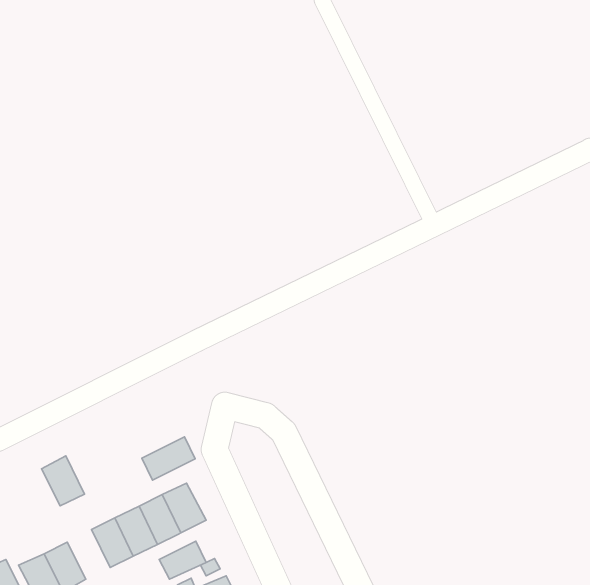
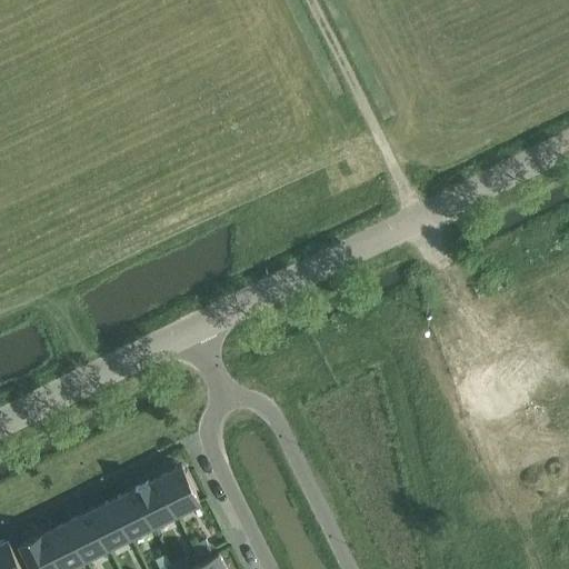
building: [142,437,195,480] -> none
building: [41,456,84,506] -> [64,515,106,562]
building: [159,541,206,579] -> none

